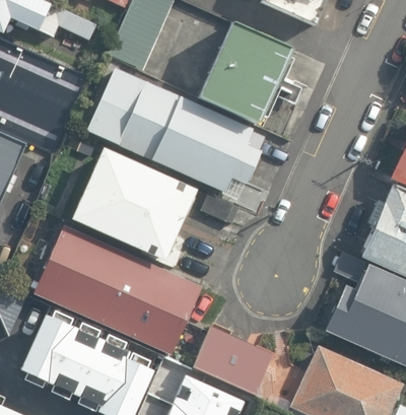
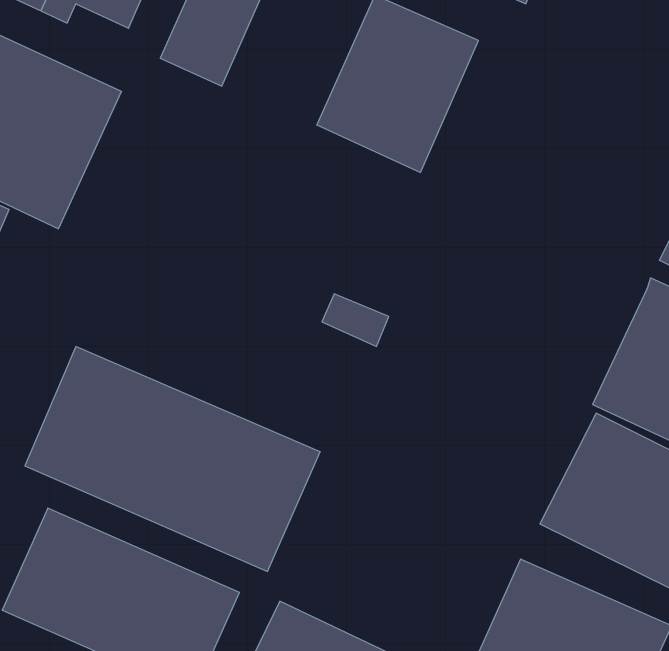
building: [86,68,264,200] -> none
building: [70,149,198,263] -> none
building: [190,321,274,394] -> none

